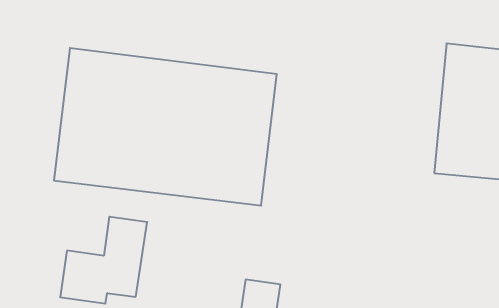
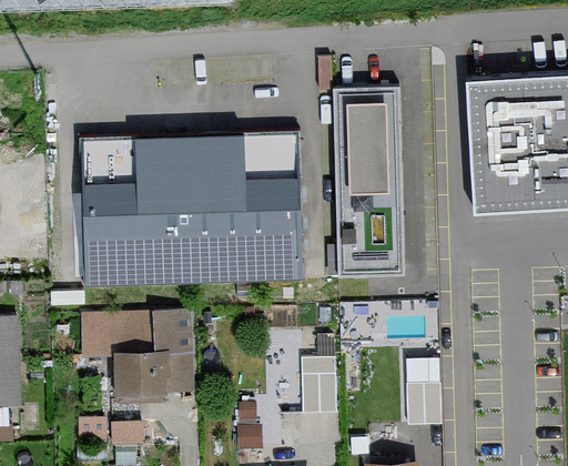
building: none -> [333,84,404,276]
building: none -> [80,311,151,353]

